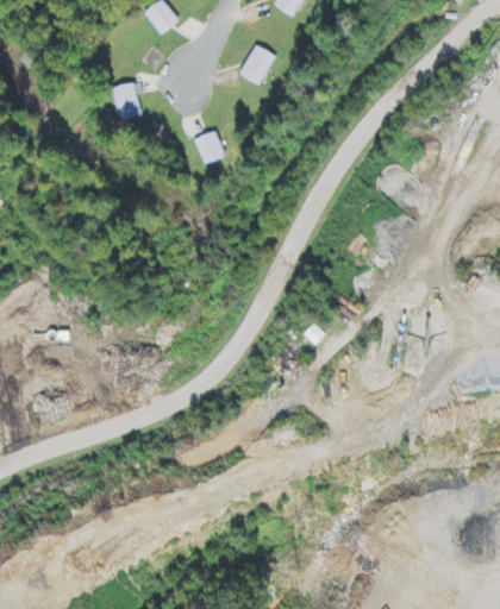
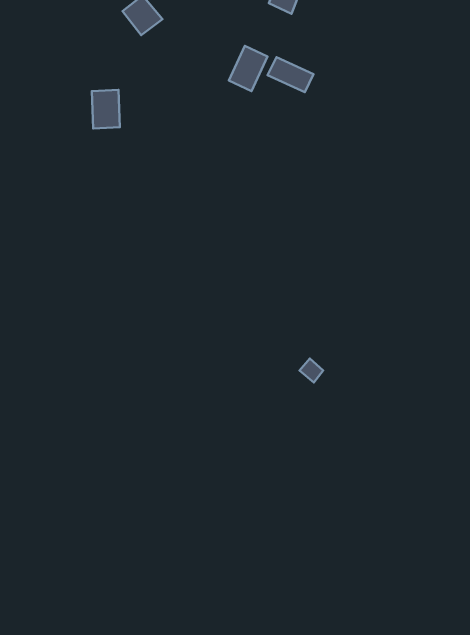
building: none -> [268,57,313,92]
building: [193,131,224,164] -> none

